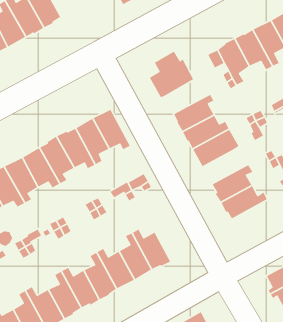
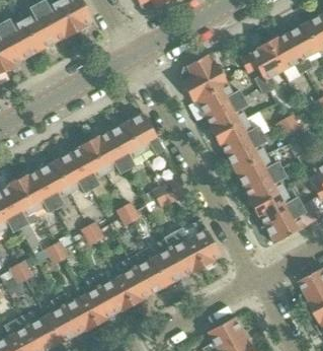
building: none -> [196,83,243,118]
building: none -> [235,154,281,189]
building: none -> [264,204,306,242]
building: none -> [187,217,221,267]

